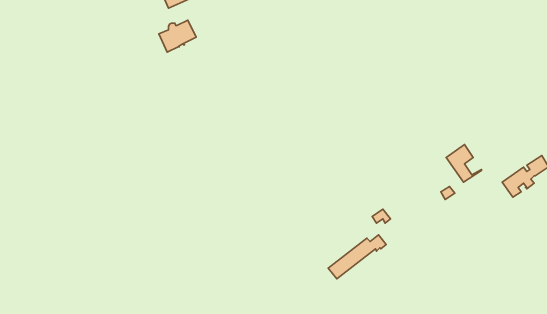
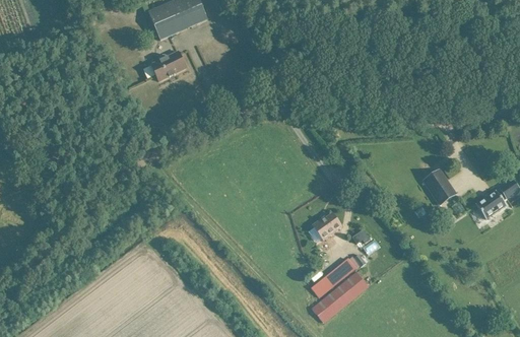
building: none -> [314,213,342,240]
building: none -> [313,271,369,320]

